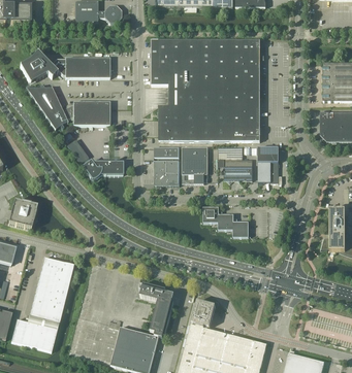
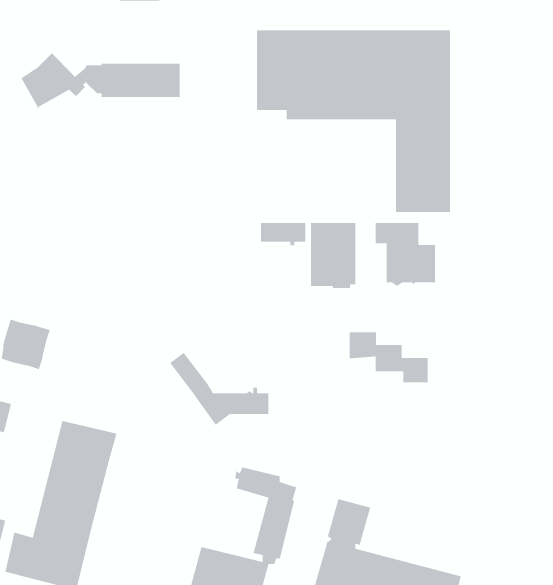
building: [26,84,109,129] -> none
building: [158,90,229,141] -> none
building: [67,139,123,180] -> [169,352,269,426]
building: [258,146,279,182] -> none
building: [154,158,180,185] -> none

